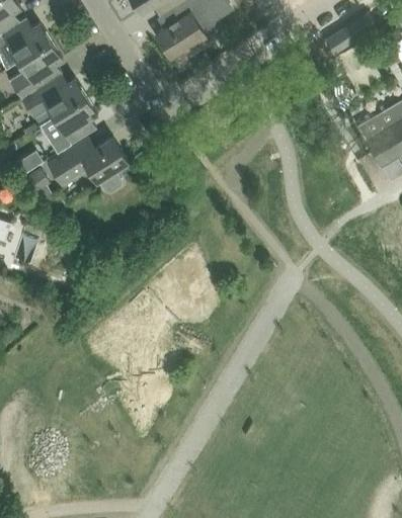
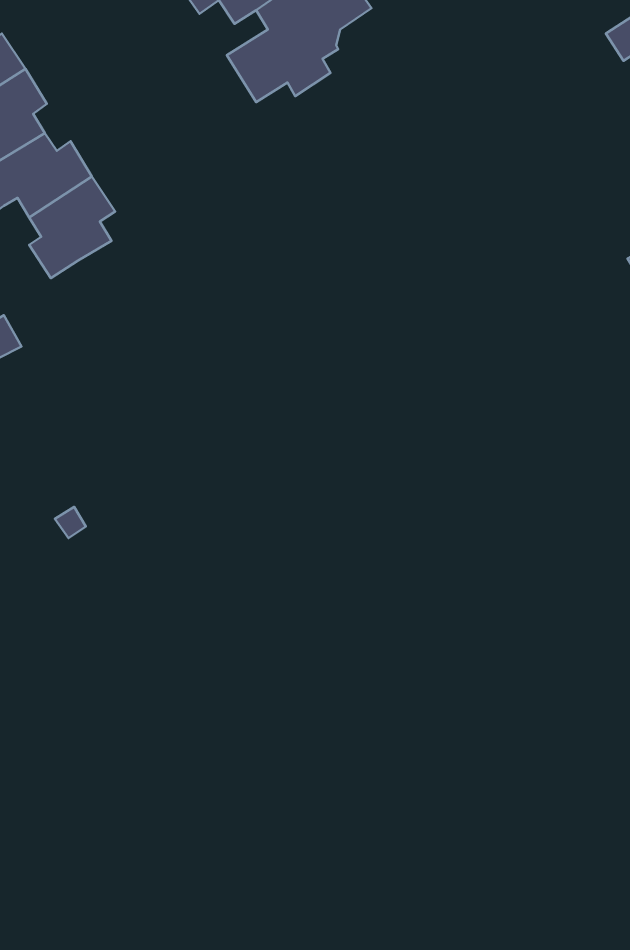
building: [47,138,126,190] -> none

